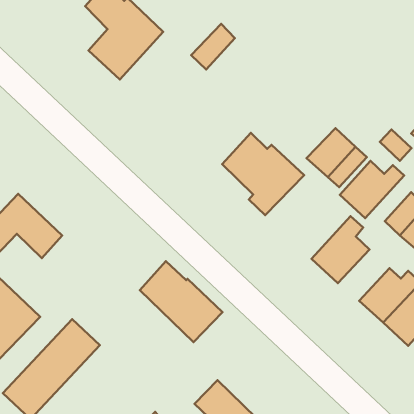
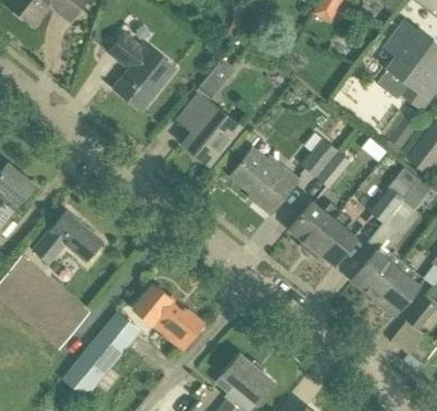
building: none -> [181,93,241,165]
building: [340,161,404,218] -> [288,200,340,247]
building: [140,261,222,342] -> [134,284,203,349]

